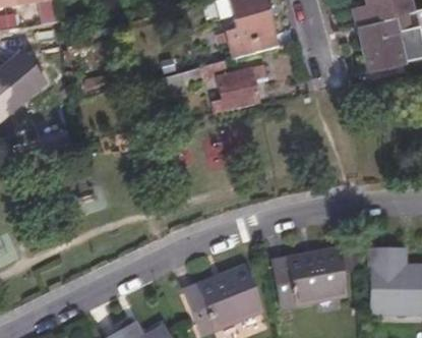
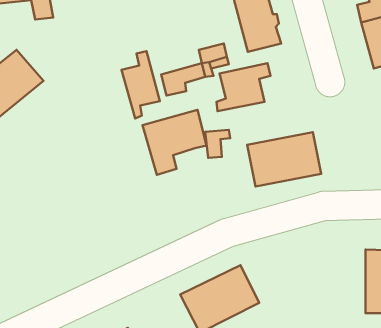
building: none -> [121,51,160,118]
building: none -> [143,110,206,175]
building: [269,249,342,302] -> [247,132,321,186]

